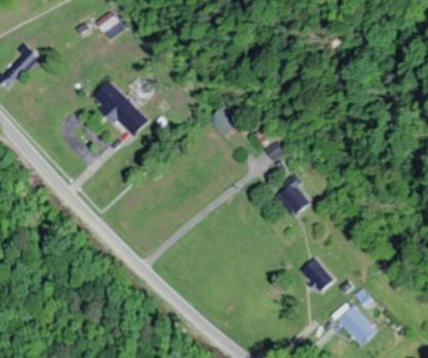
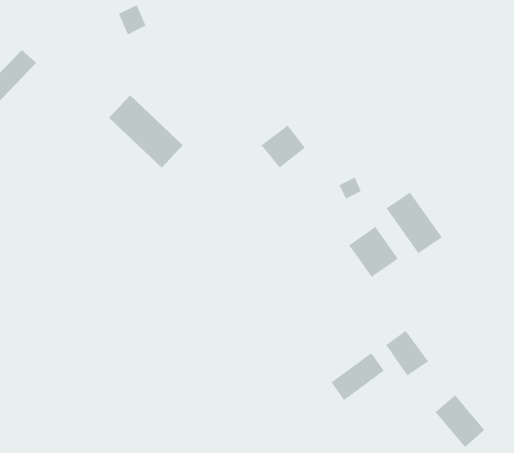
building: none -> [386,191,443,254]
building: none -> [330,352,385,401]

